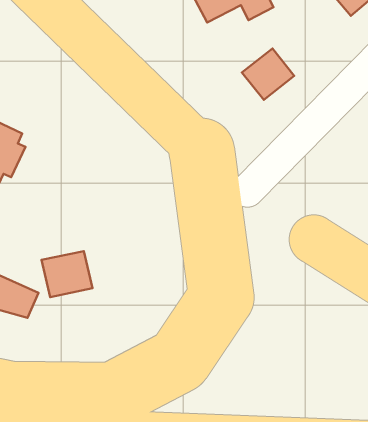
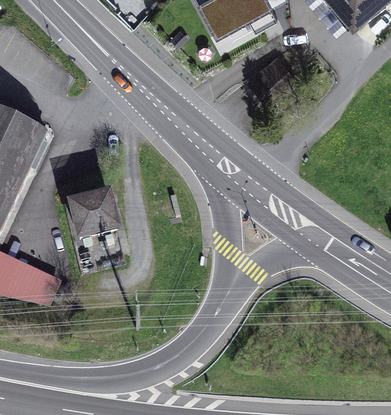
building: [41,251,93,297] -> [72,197,119,239]

